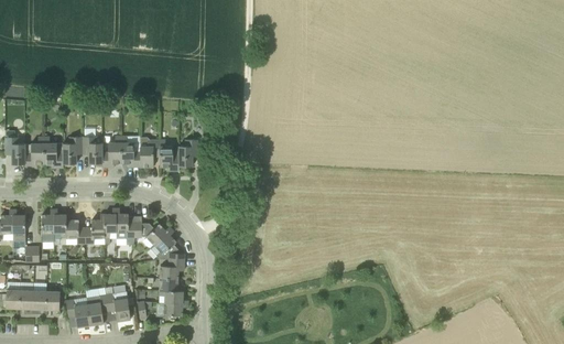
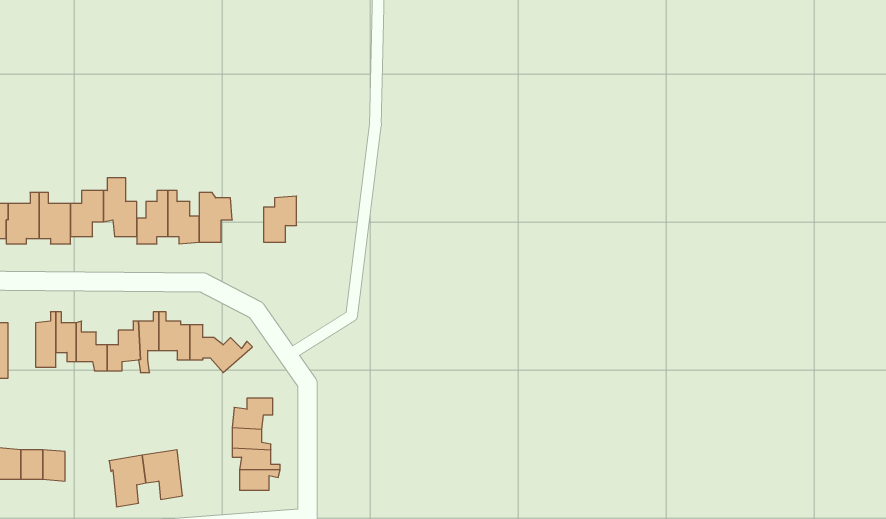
building: [159,140,180,171] -> none
building: [154,229,184,260] -> none
building: [66,298,90,326] -> none

